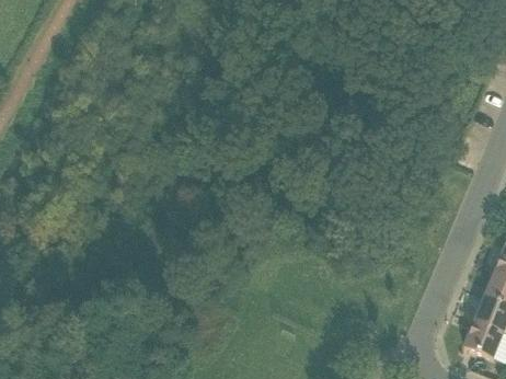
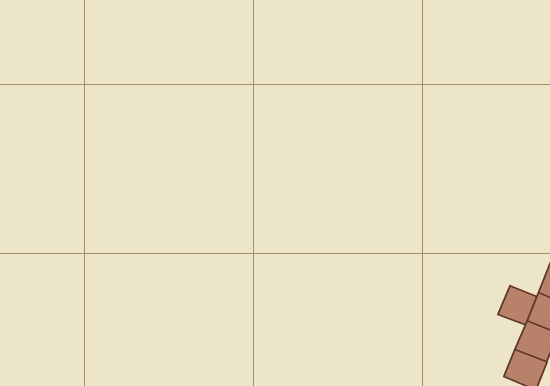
building: none -> [498,285,537,325]

